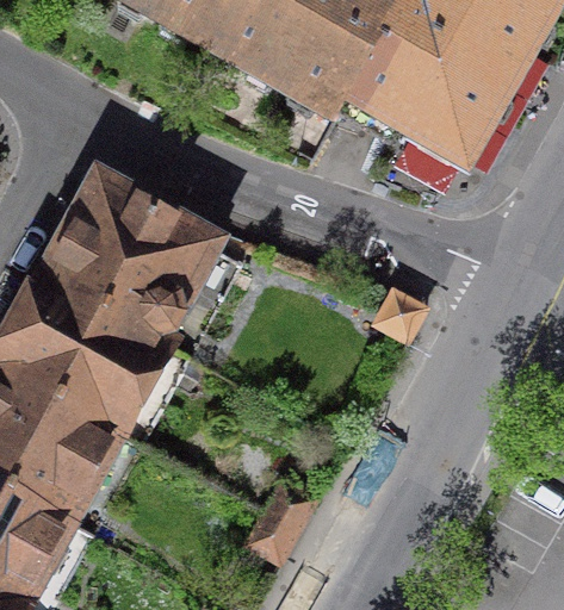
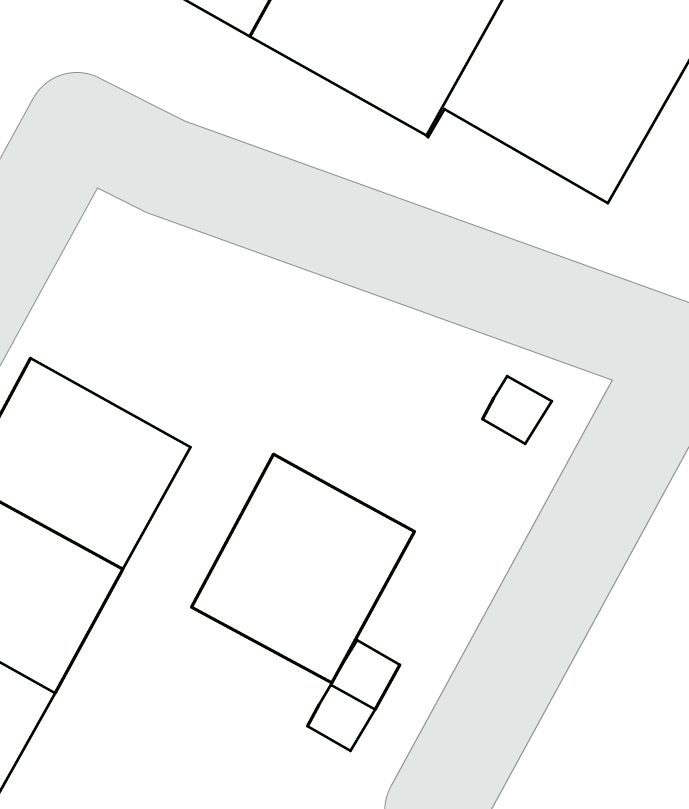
building: [49,189,218,346] -> none
building: none -> [192,454,415,683]

